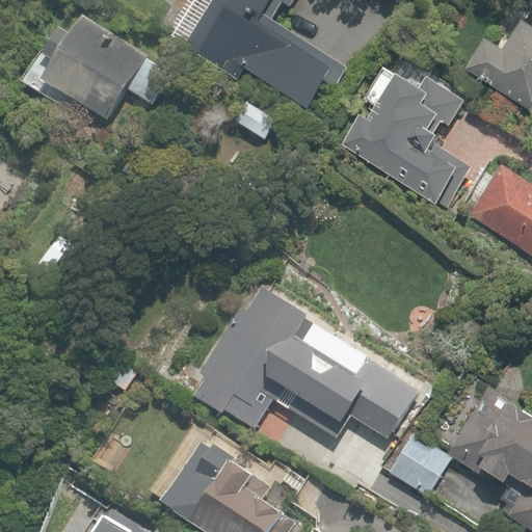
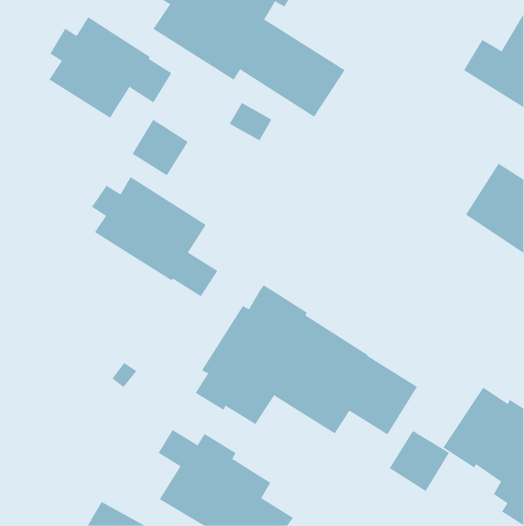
building: [338,69,470,209] -> none
building: none -> [132,119,189,176]
building: none -> [91,176,218,297]

